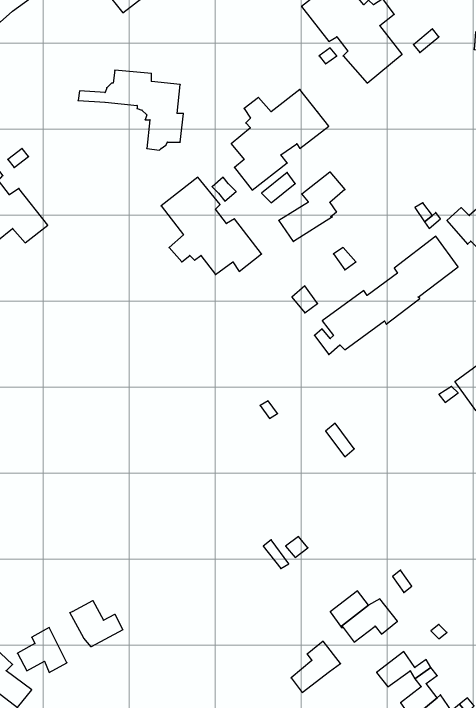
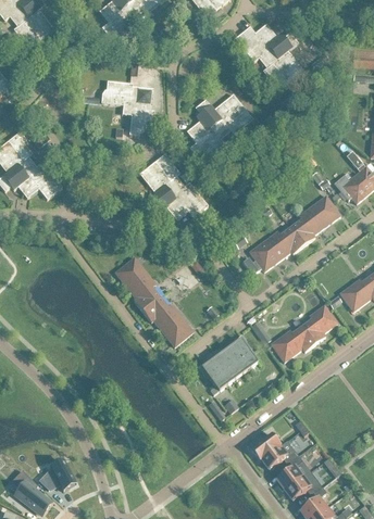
building: [279,172,345,242] -> none
building: none -> [114,255,195,346]
building: none -> [270,303,338,362]
building: none -> [201,338,259,391]
building: [70,601,123,647] -> none
building: [291,641,341,692] -> [278,455,312,490]

